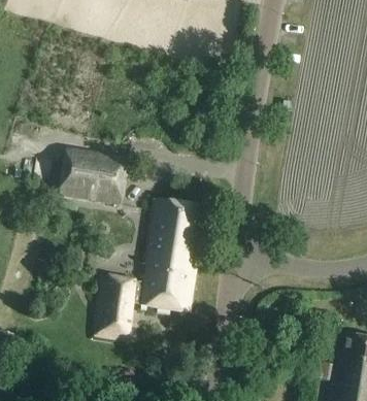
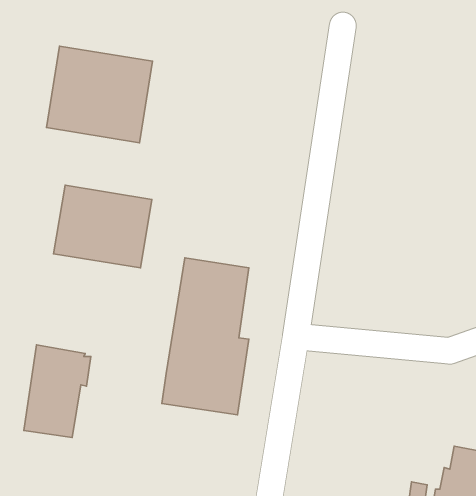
building: none -> [46,46,152,143]
building: [91,273,139,340] -> [24,345,91,438]

